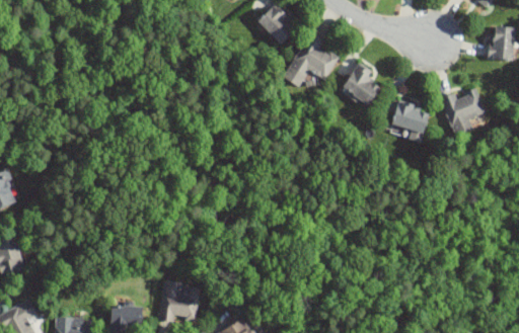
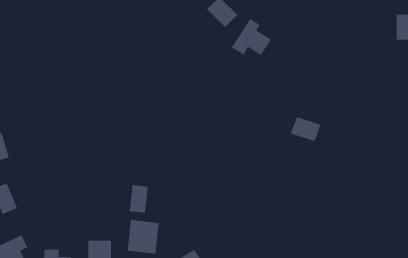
building: [343,64,380,104] -> none
building: [441,88,486,128] -> none
building: [391,102,430,134] -> [290,116,321,142]
building: none -> [129,184,148,214]

